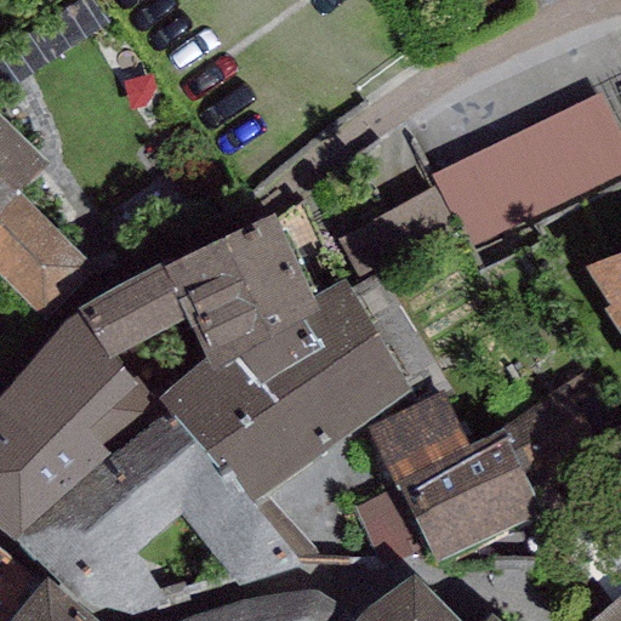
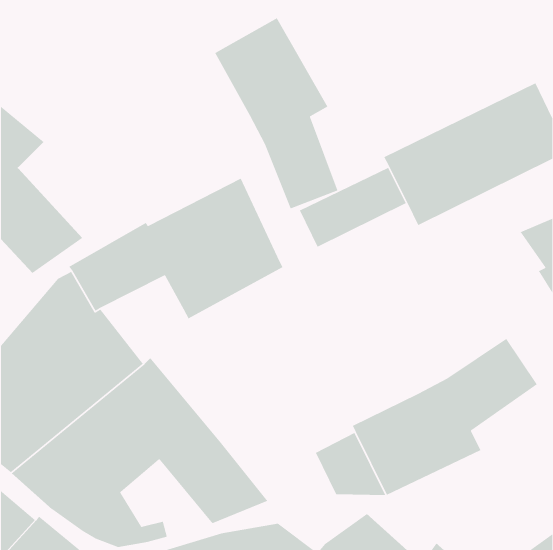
building: none -> [214,17,339,210]
building: [158,275,409,500] -> none
building: [369,388,468,480] -> none

